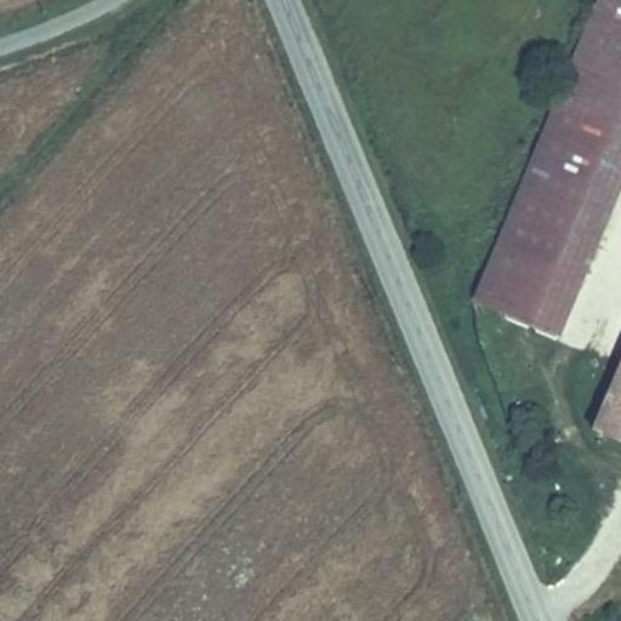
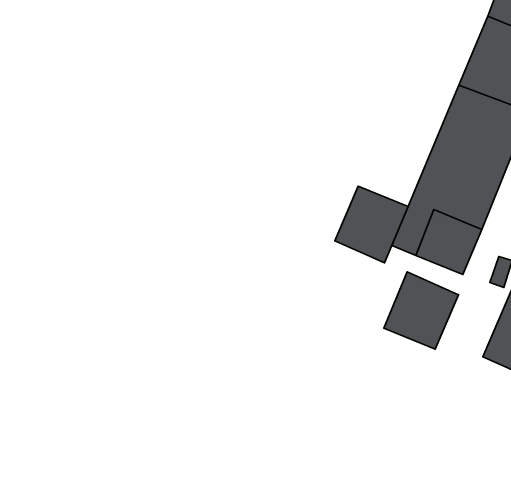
building: none -> [335,186,408,263]
building: none -> [384,272,459,349]

